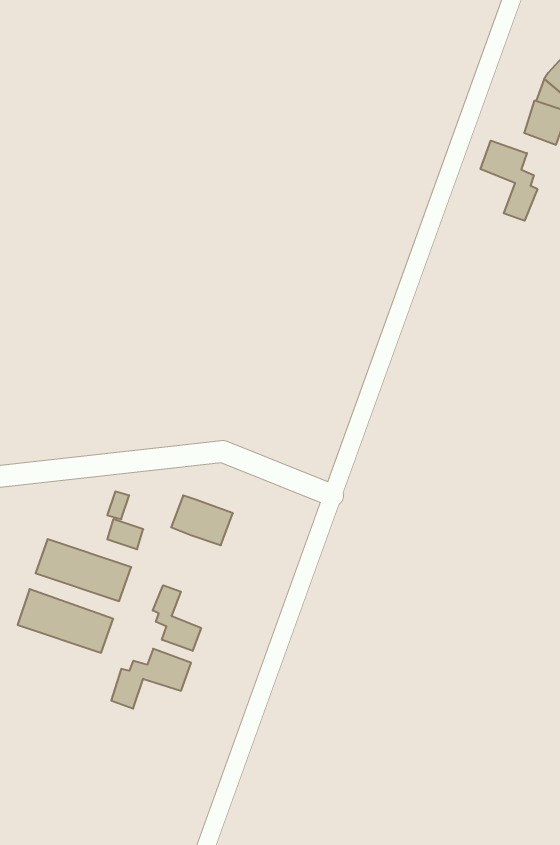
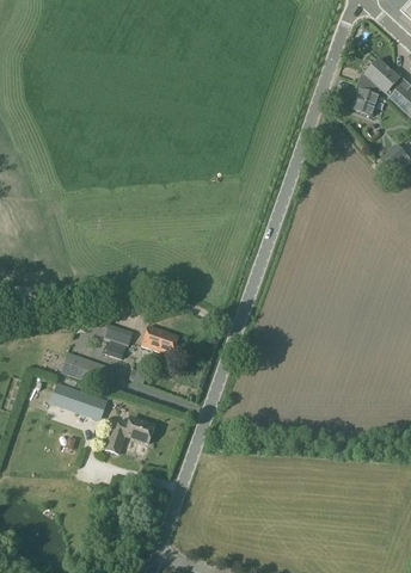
building: [480,141,537,221] -> none
building: [153,585,201,651] -> none

